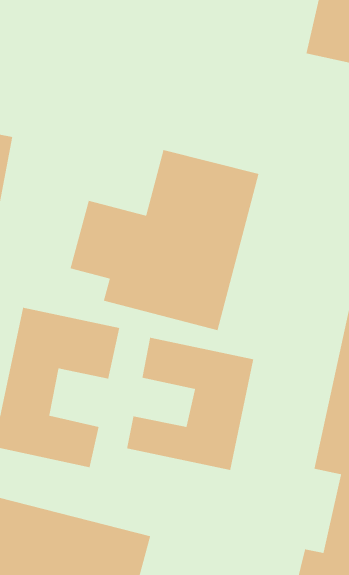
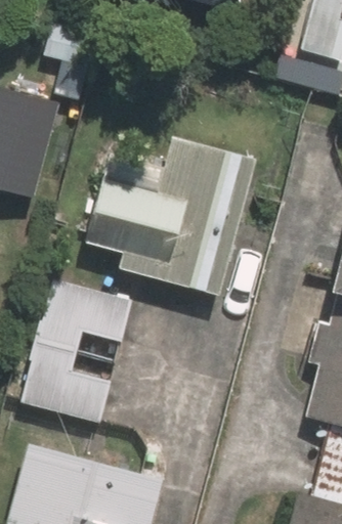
building: [126,337,254,471] -> none

